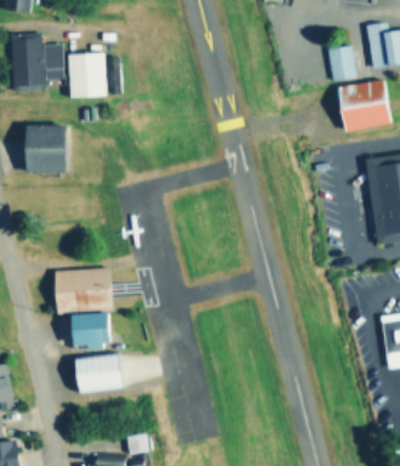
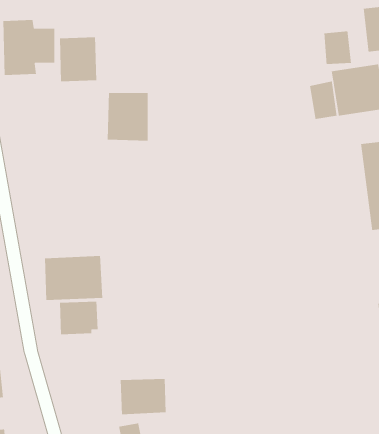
building: none -> [309,81,338,120]
building: [24,125,65,174] -> [107,92,149,141]
building: [75,356,121,392] -> [120,378,167,415]

